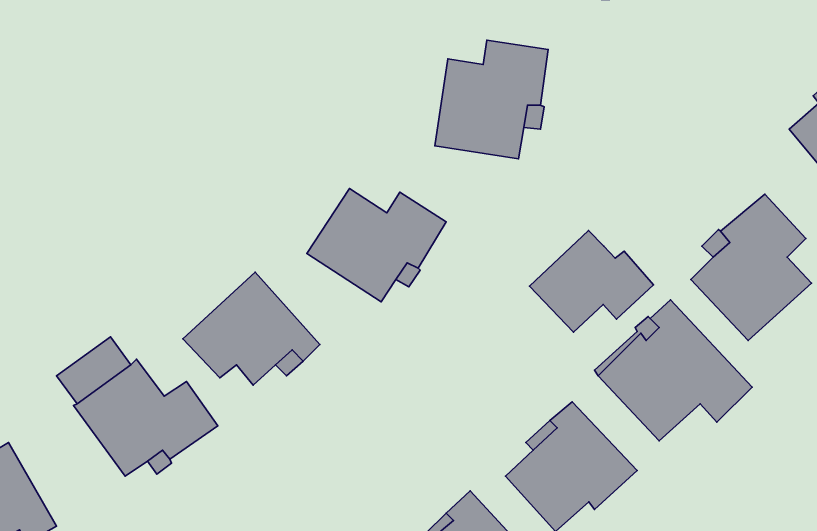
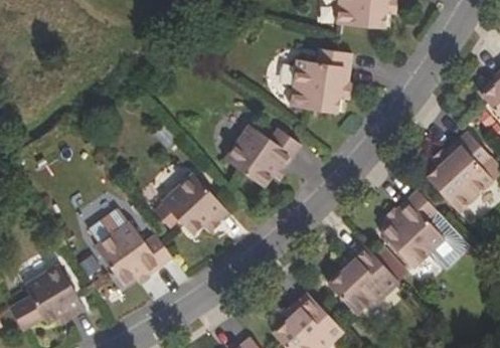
building: [530,230,653,332] -> none

